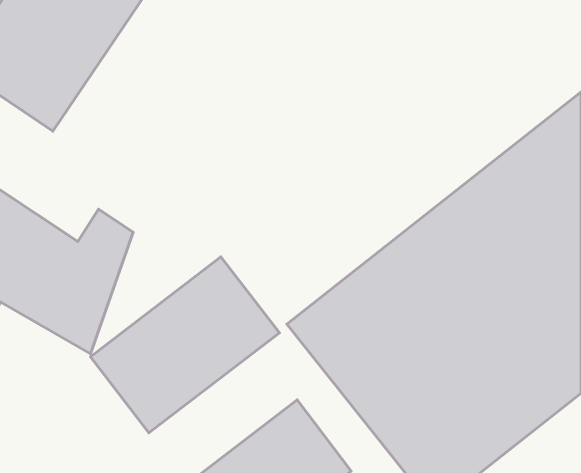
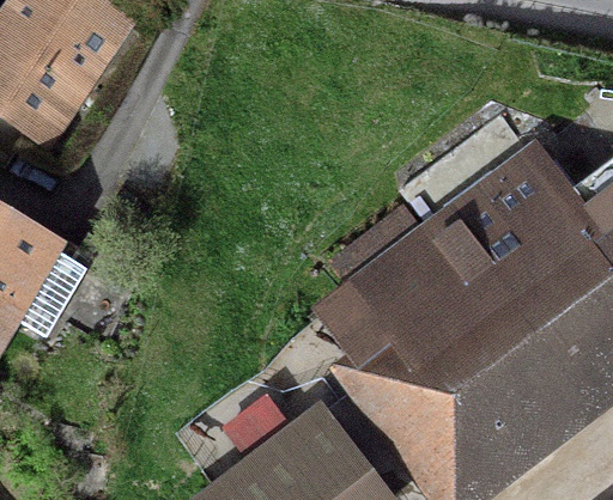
building: [90,257,279,433] -> none

